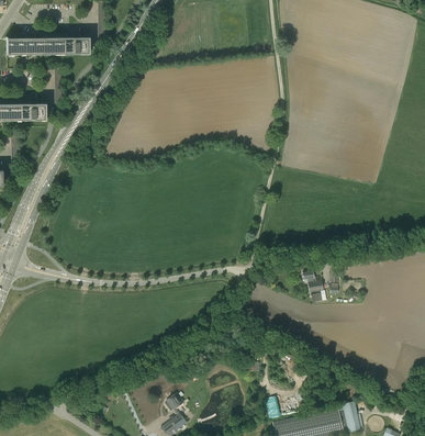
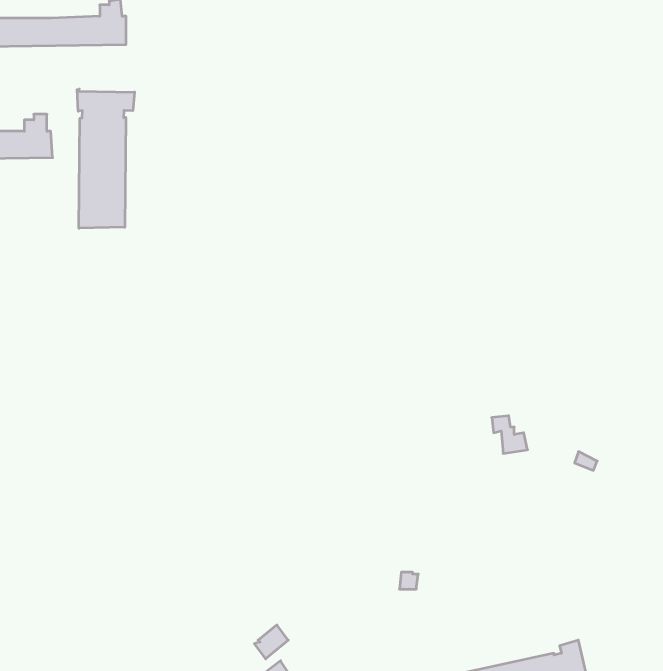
building: none -> [77,89,135,228]

